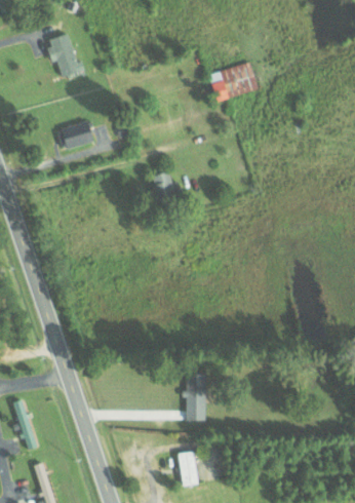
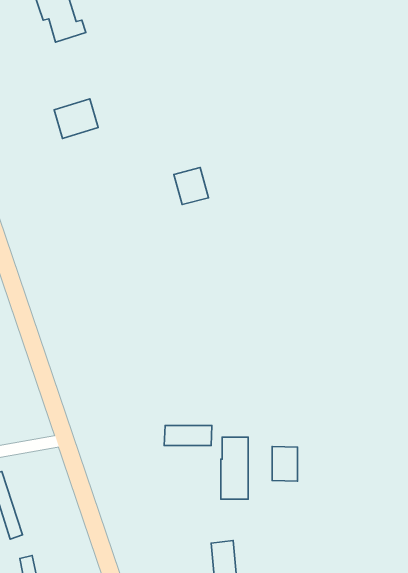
building: [208,62,258,102] -> none
building: none -> [164,425,212,445]
building: none -> [272,447,297,481]

